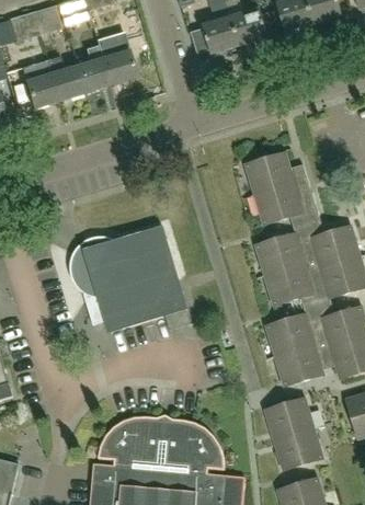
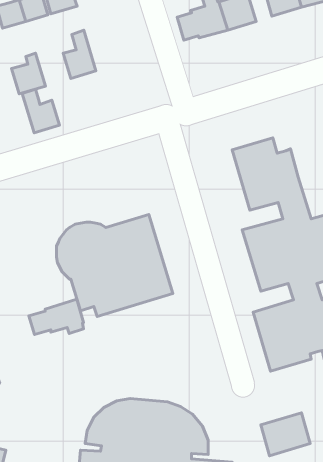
building: [96,34,135,84] -> none
building: [46,56,83,100] -> [22,89,60,133]
building: none -> [29,299,84,335]
building: [264,397,313,438] -> none

